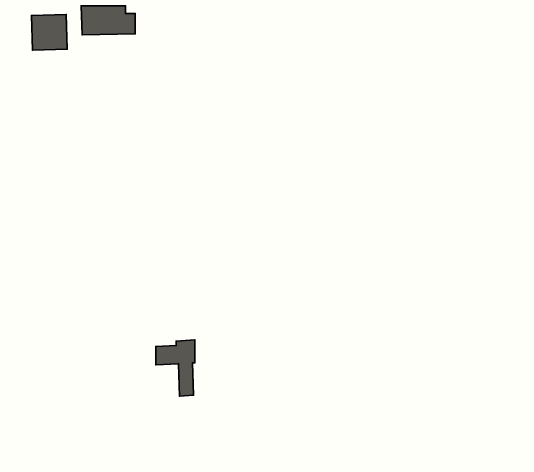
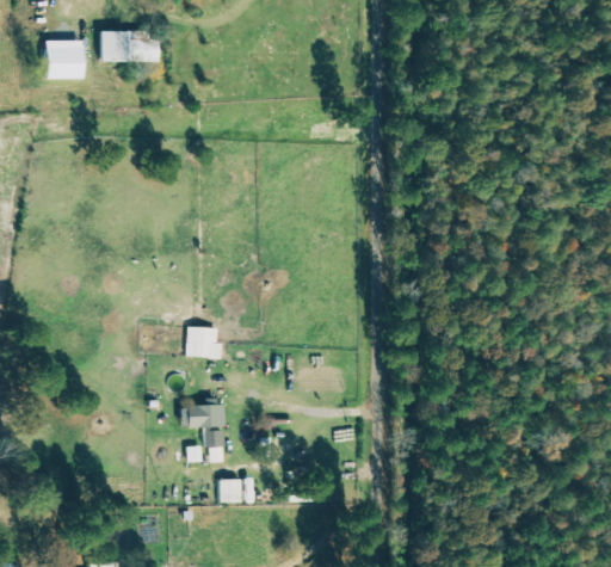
building: none -> [185,326,221,357]
building: none -> [218,479,241,501]

